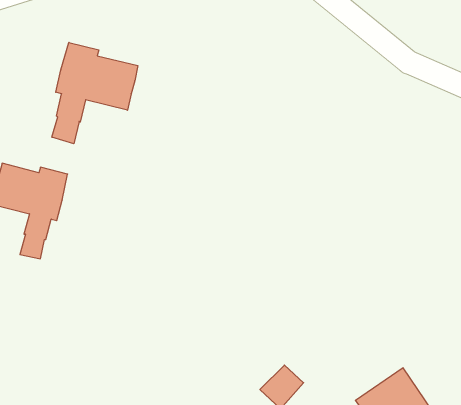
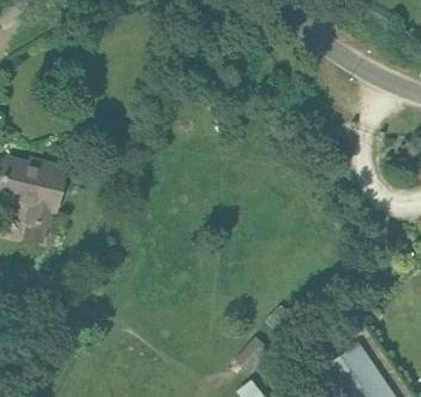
building: [52,42,138,144] -> none

